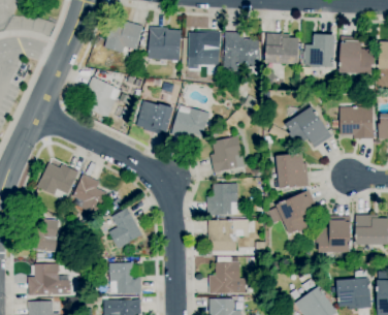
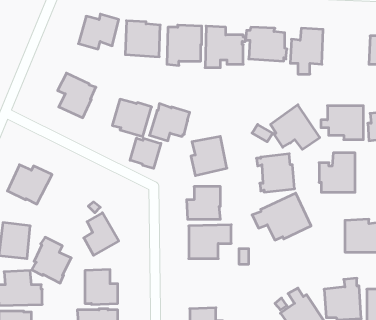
building: [338,39,377,76] -> none
building: none -> [130,138,161,168]
building: [71,174,108,217] -> [32,237,71,283]
building: [317,215,351,252] -> [319,153,355,192]
building: [208,261,246,293] -> none

